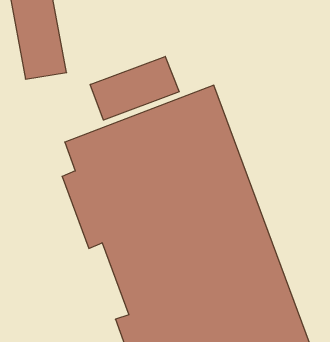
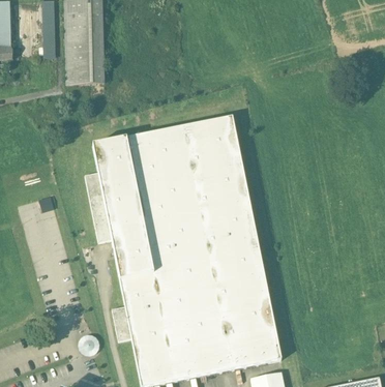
building: [90,56,179,120] -> none

